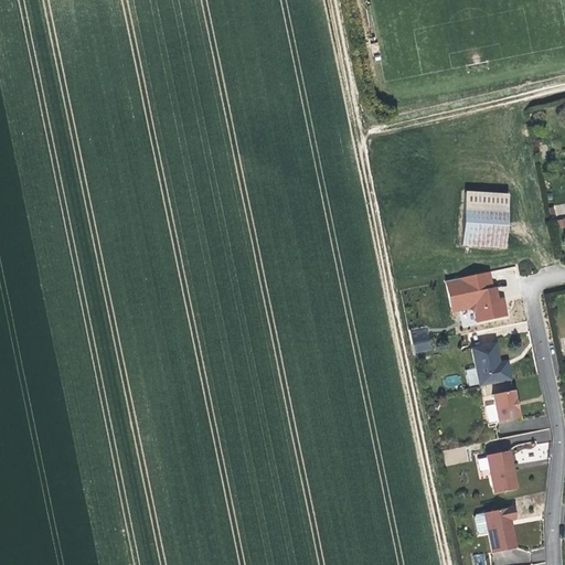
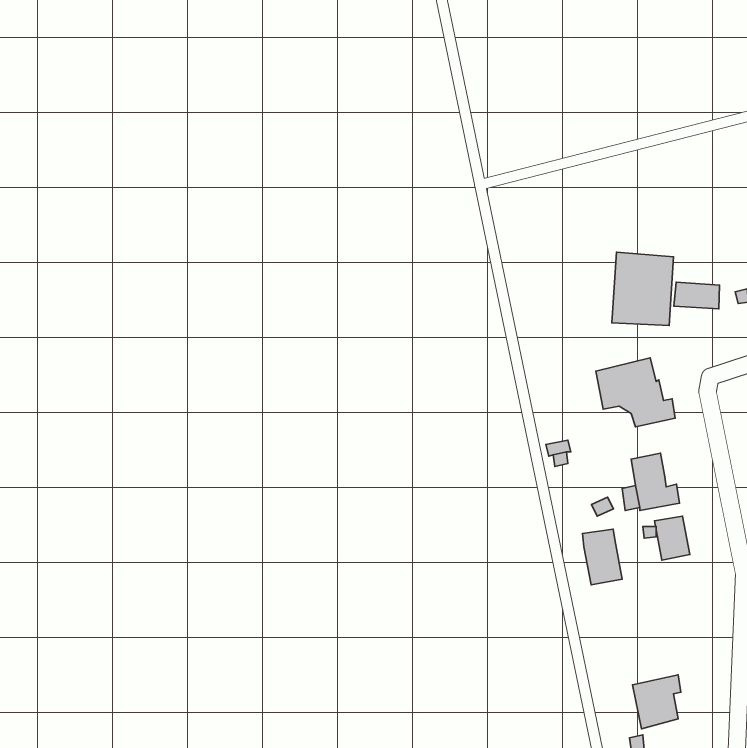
building: none -> [674,282,719,309]
building: [488,454,518,495] -> [582,529,622,585]

